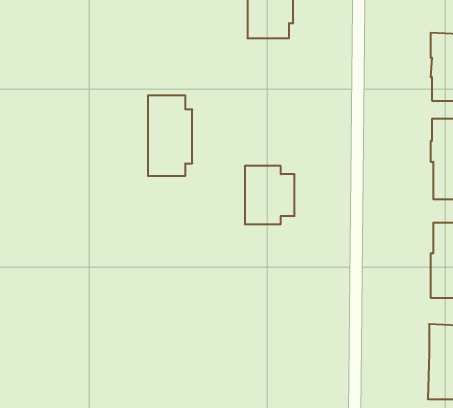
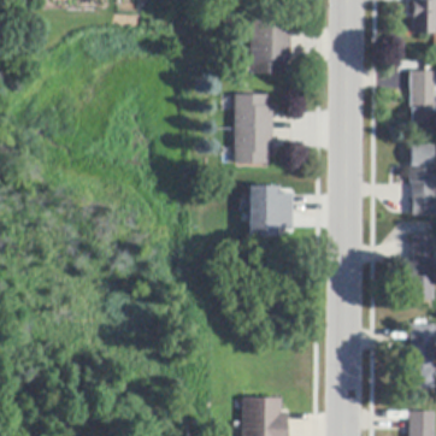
building: [148,95,192,176] -> [234,93,272,163]

